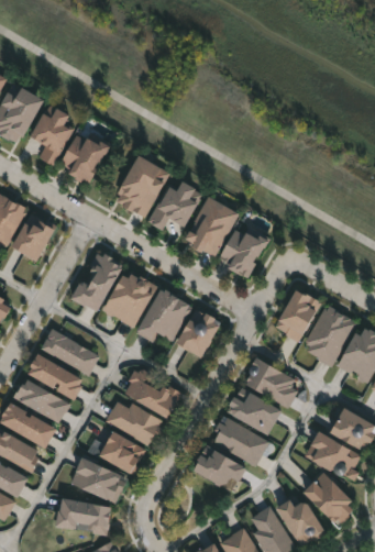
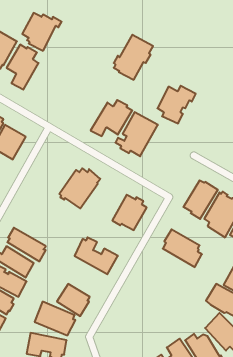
building: [59,135,113,187] -> [22,13,62,51]
building: [115,156,169,218] -> [114,35,153,80]
building: [219,225,272,277] -> [157,86,196,123]
building: [68,253,125,313] -> none
building: [134,289,194,343] -> none
building: [40,329,99,377] -> none
building: [225,387,282,435] -> none
building: [102,401,162,448] -> none
building: [212,417,268,466] -> none
building: [191,446,245,489] -> none

